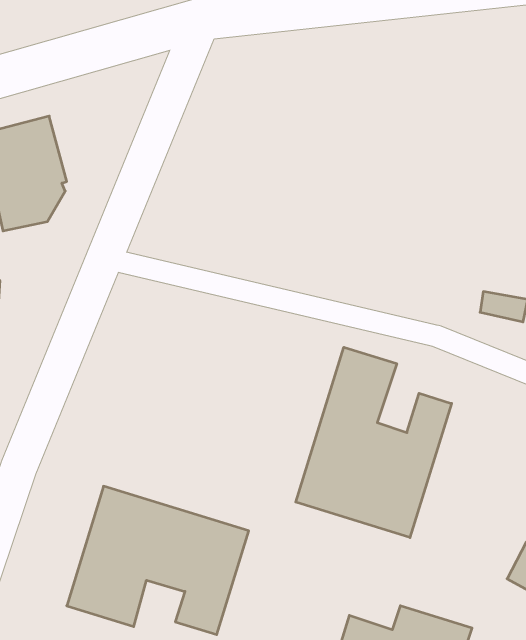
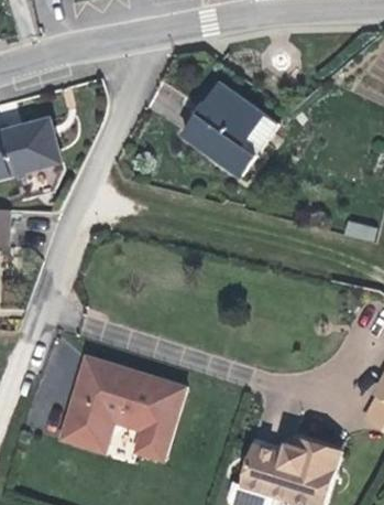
building: none -> [187,80,273,164]
building: [296,347,452,538] -> none

